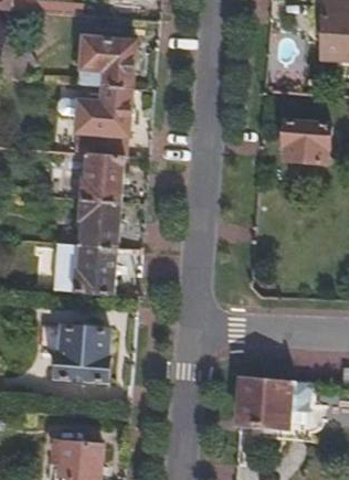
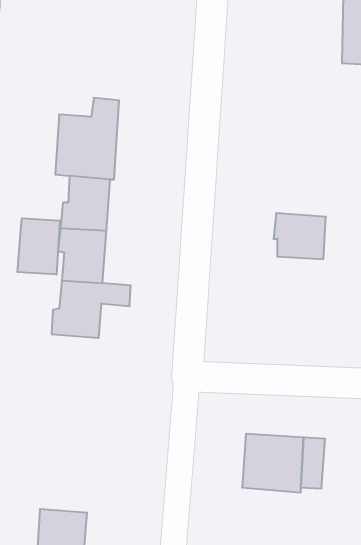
building: [81,36,135,89] -> none
building: [283,122,328,162] -> [273,213,326,259]
building: none -> [17,218,60,275]
building: [57,327,109,381] -> none

